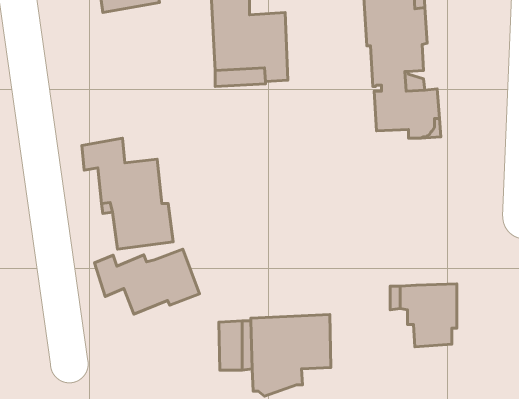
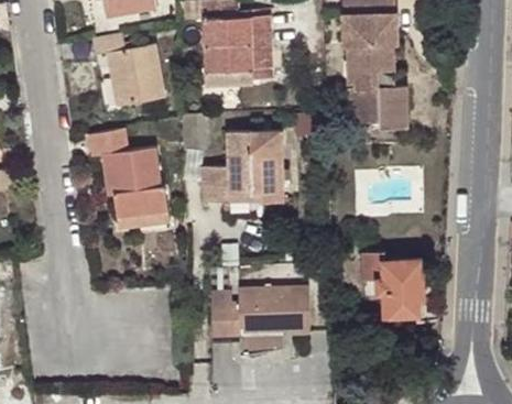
building: none -> [94,35,164,106]
building: none -> [201,130,283,201]
building: [95,249,199,314] -> none

